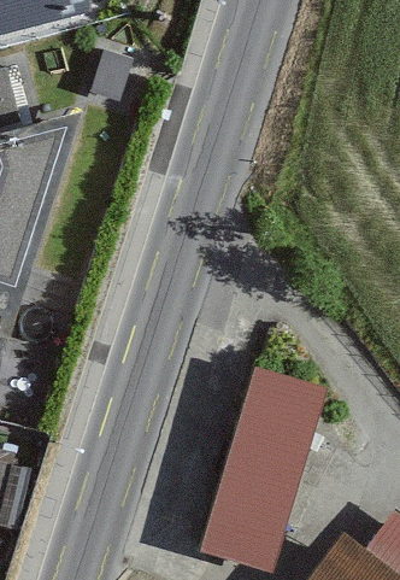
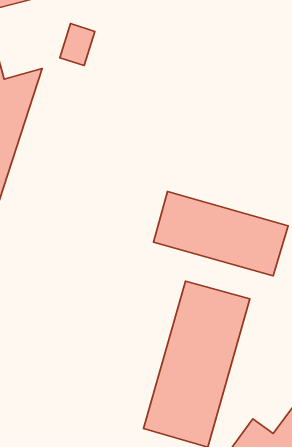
building: none -> [154,192,288,276]

